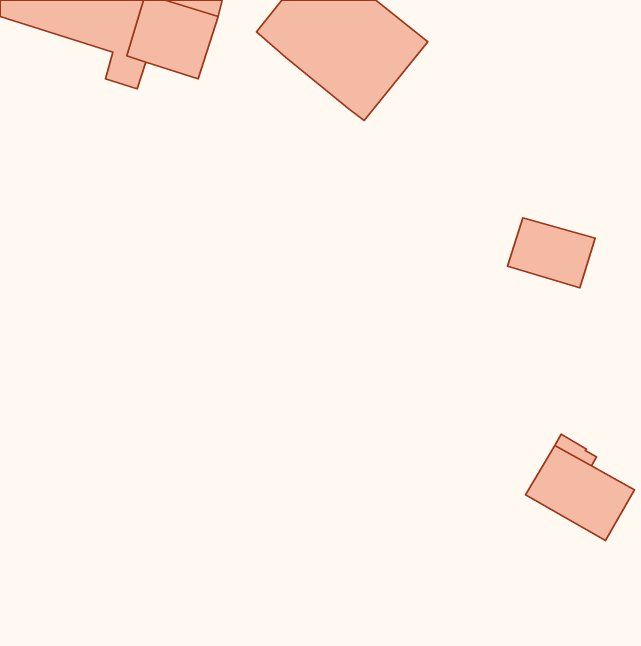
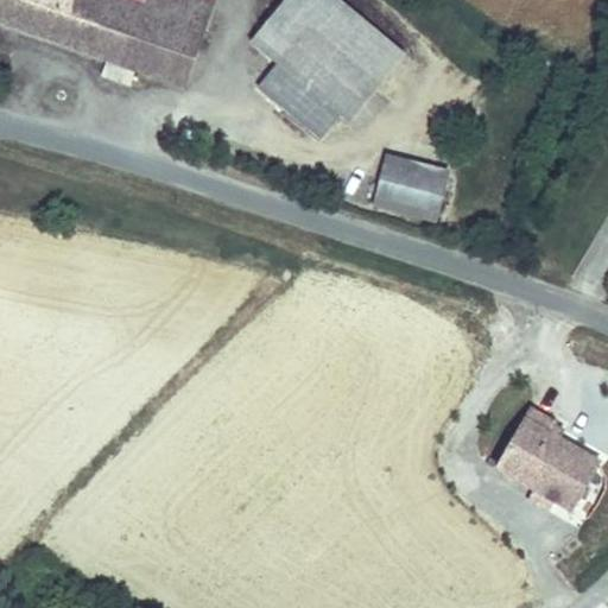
building: none -> [259,56,334,124]
building: [507,218,595,288] -> [369,152,451,217]

